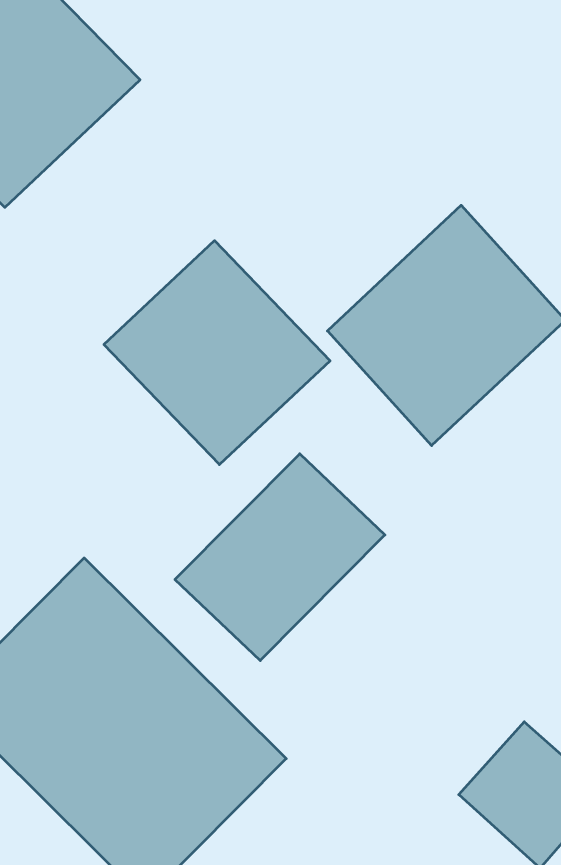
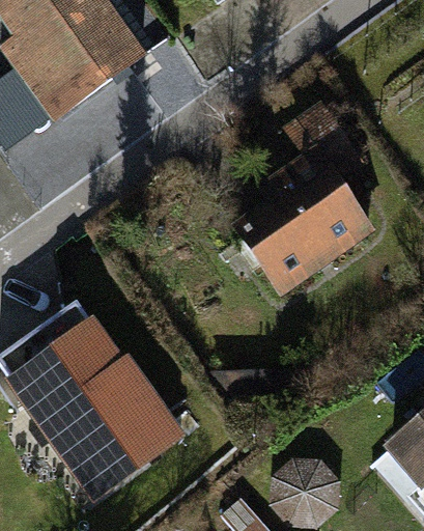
building: [104,241,330,465] -> none
building: [175,454,385,661] -> none

